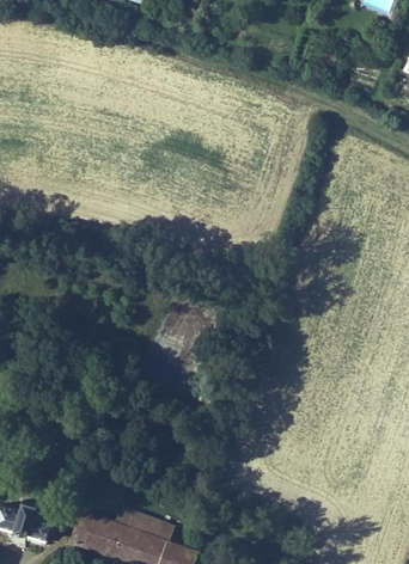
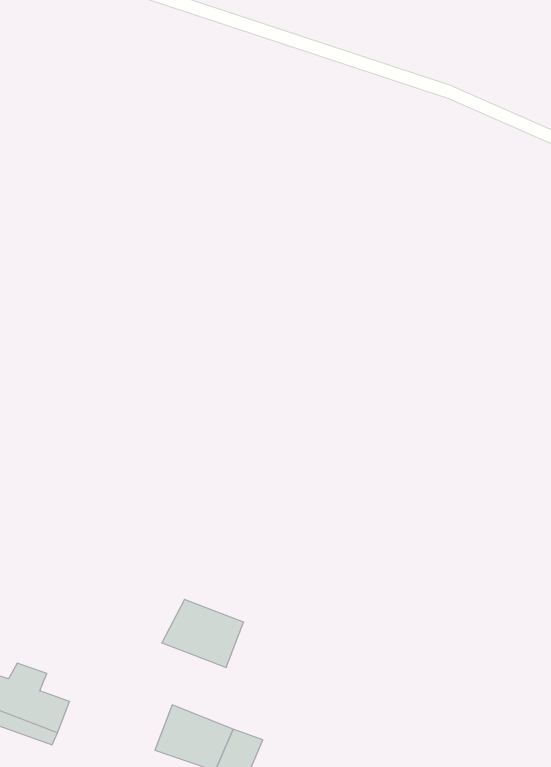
building: [78,504,134,551] -> [162,599,244,667]

